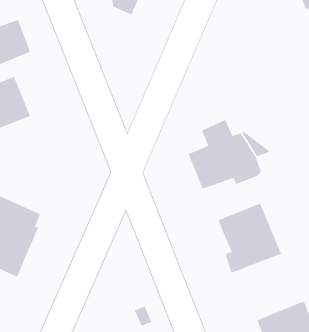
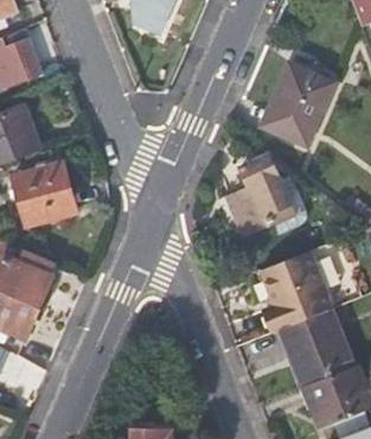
building: none -> [267,64,334,146]
building: none -> [11,161,76,227]
building: none -> [281,310,356,387]

